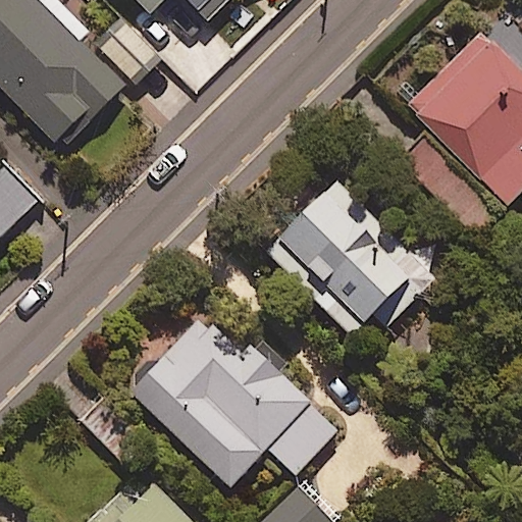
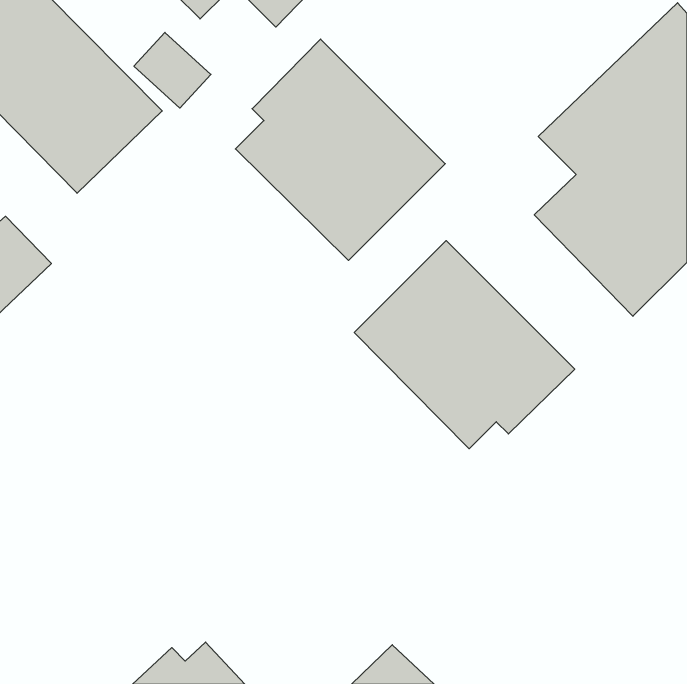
building: none -> [235,39,445,260]
building: [130,311,338,487] -> none

